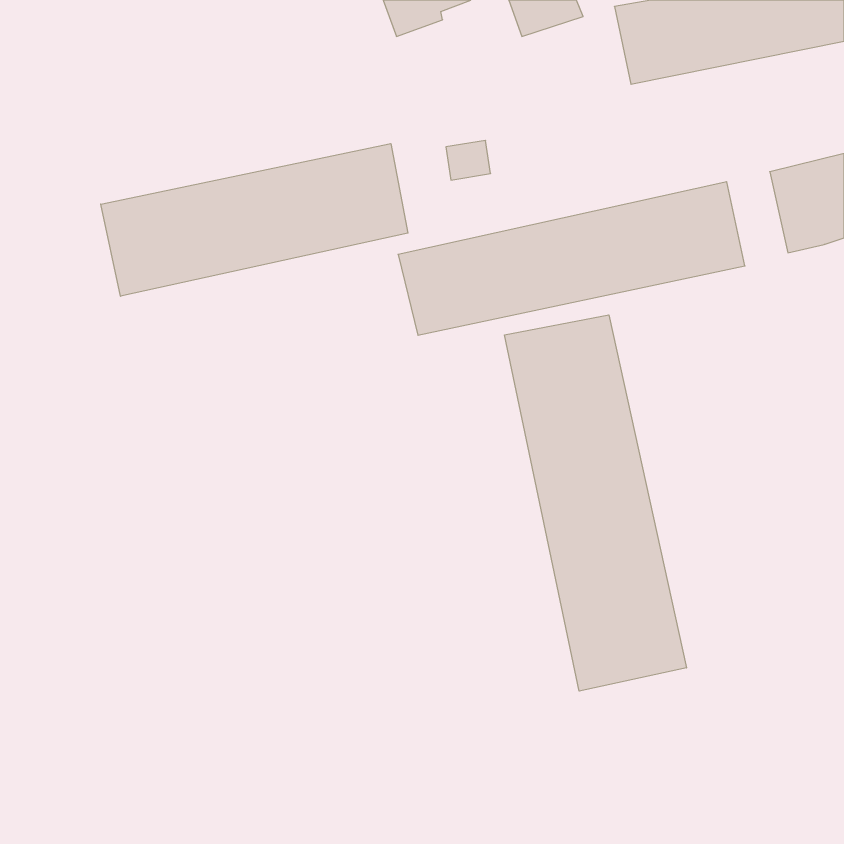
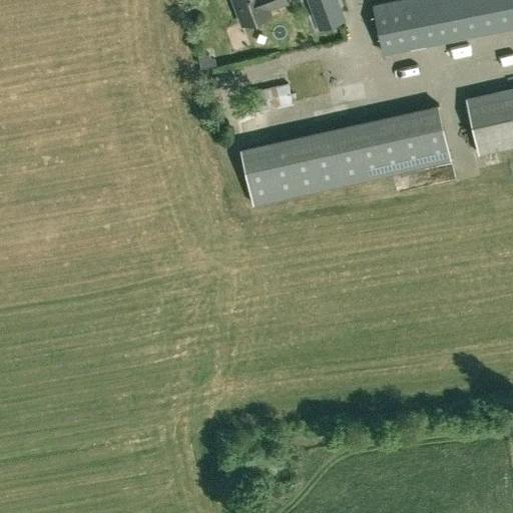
building: [101,144,408,296] -> none
building: [505,315,686,691] -> none

